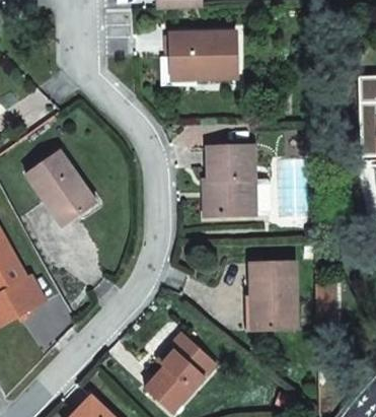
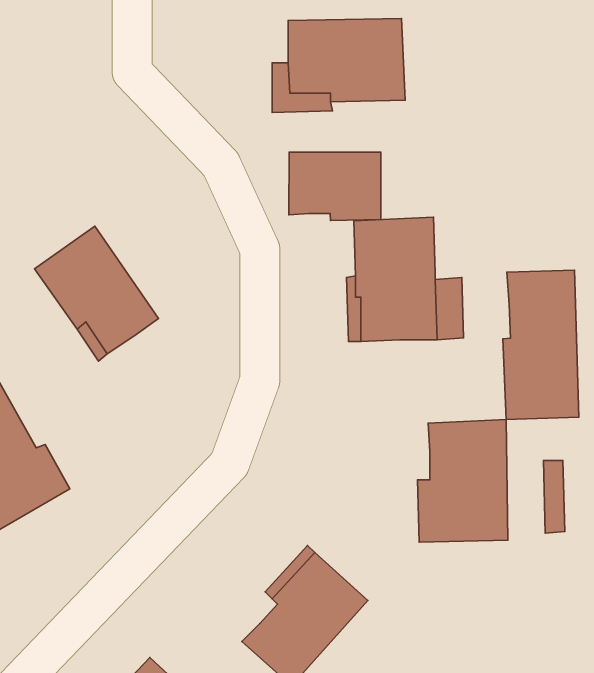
building: none -> [289,152,381,221]
building: none -> [503,270,579,420]

